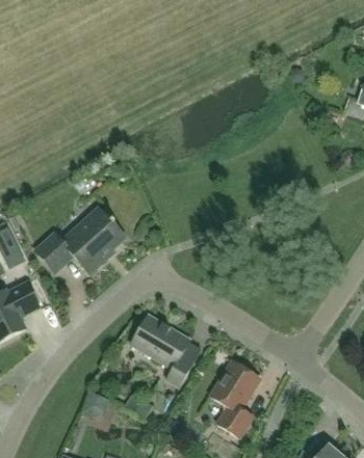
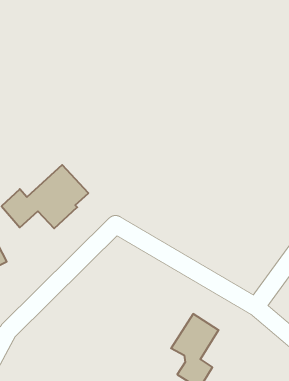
building: [131,314,191,385] -> none

